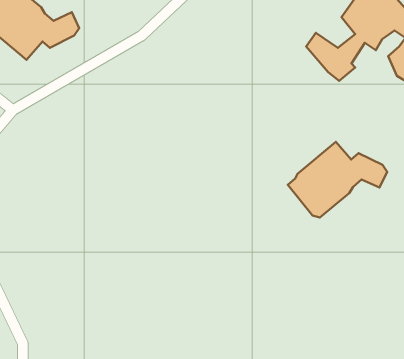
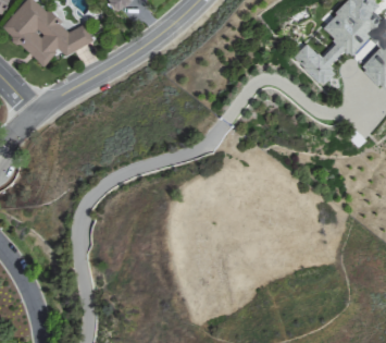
building: [288,142,387,218] -> none

